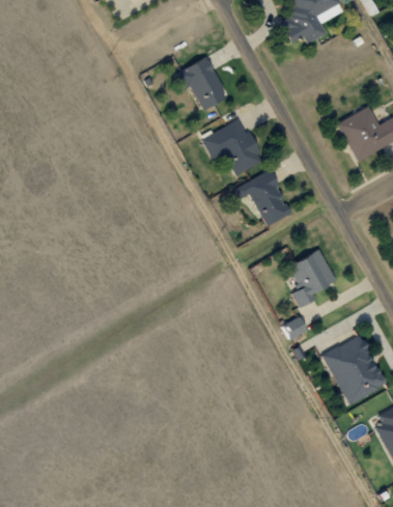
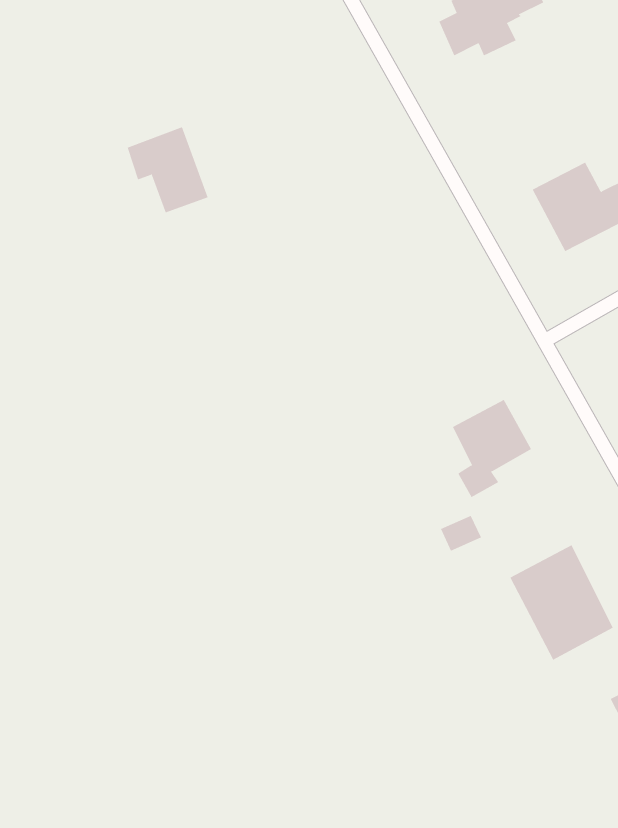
building: [177,57,226,109] -> [127,127,208,213]
building: [203,120,262,174] -> none
building: [235,171,291,226] -> none

